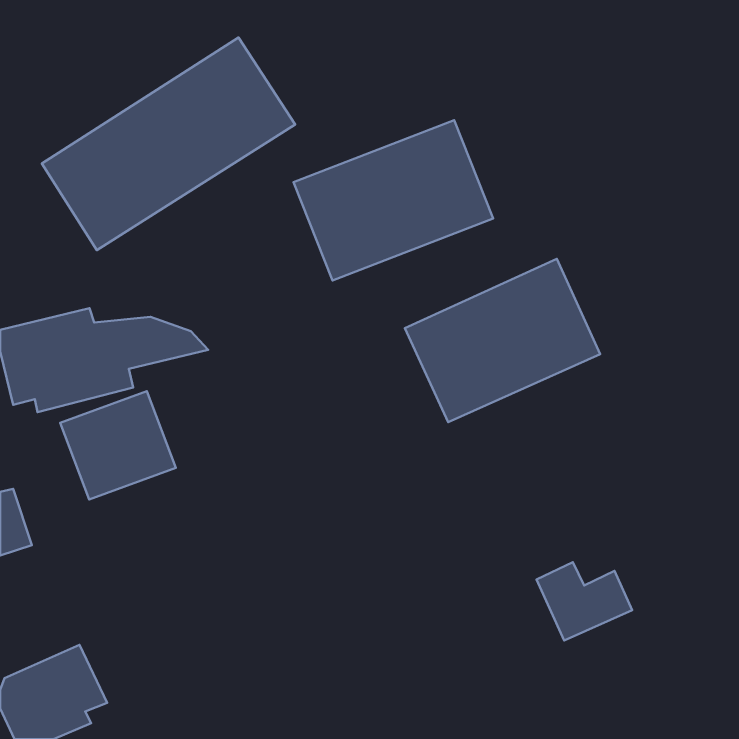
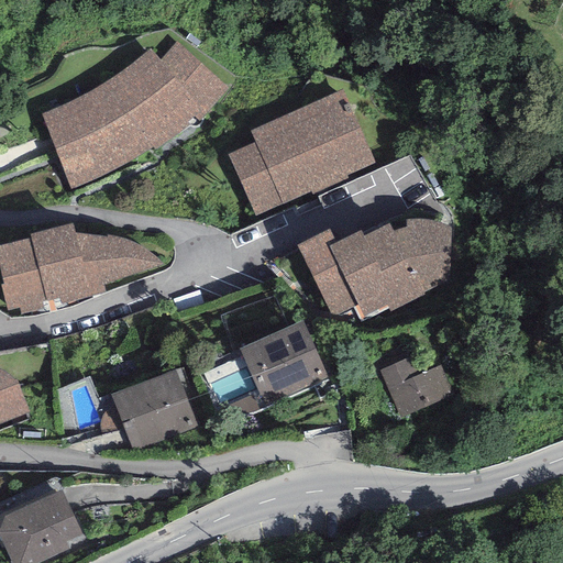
building: [60,391,176,500] -> [111,368,199,451]
building: none -> [240,321,328,405]
building: [537,562,632,640] -> [379,358,452,418]

